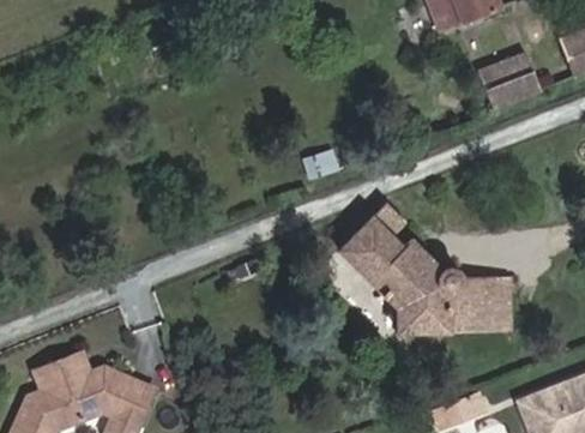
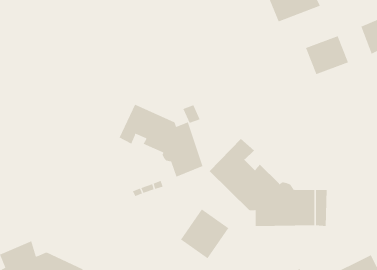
building: none -> [119,104,203,178]
building: none -> [180,208,229,259]

